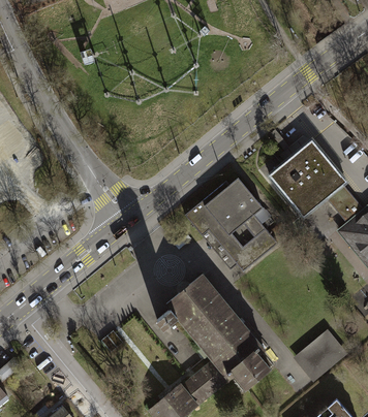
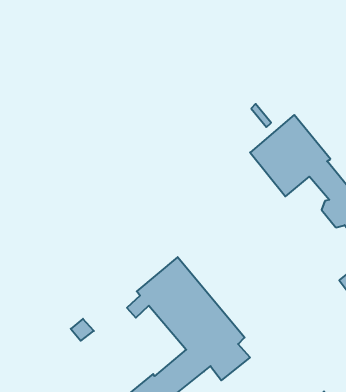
building: [184,177,278,272] -> none
building: [289,329,343,381] -> none

